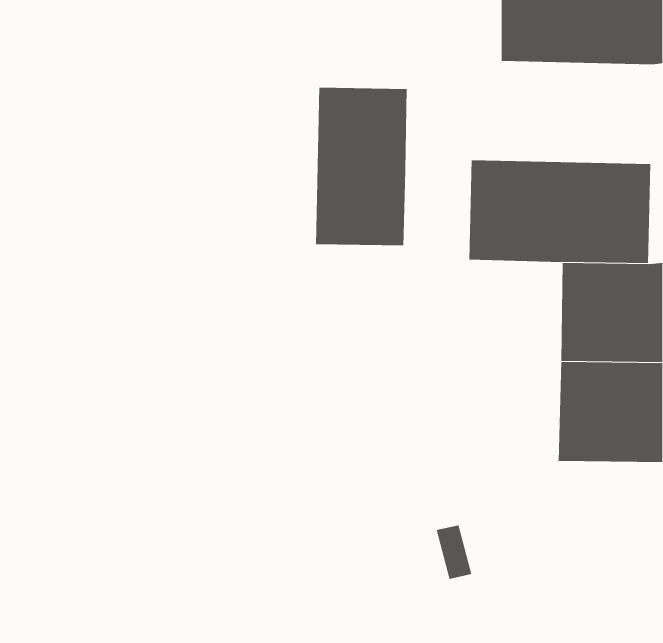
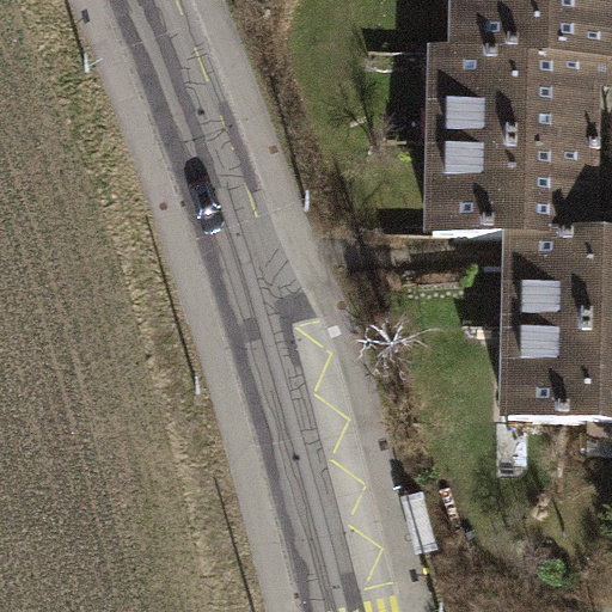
building: none -> [434,56,601,151]
building: [315,87,407,246] -> none

